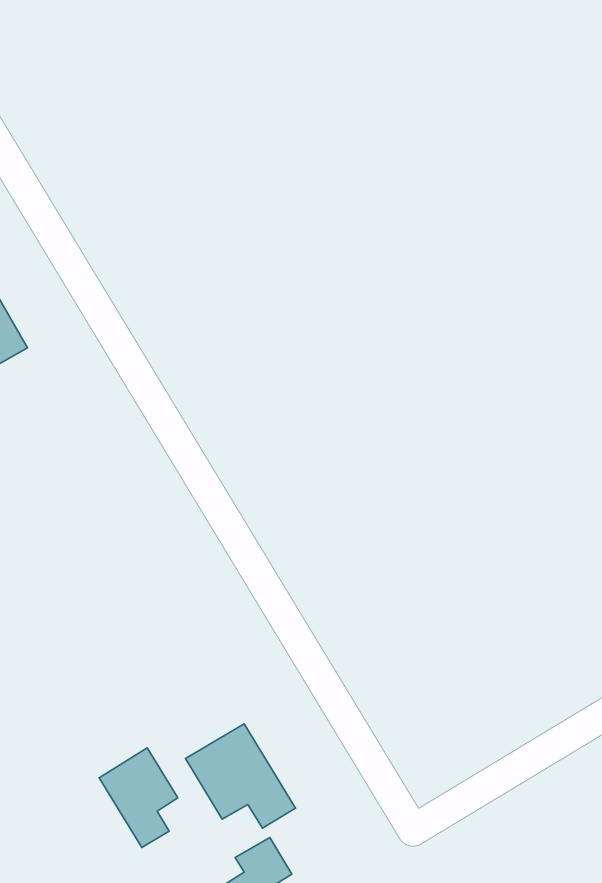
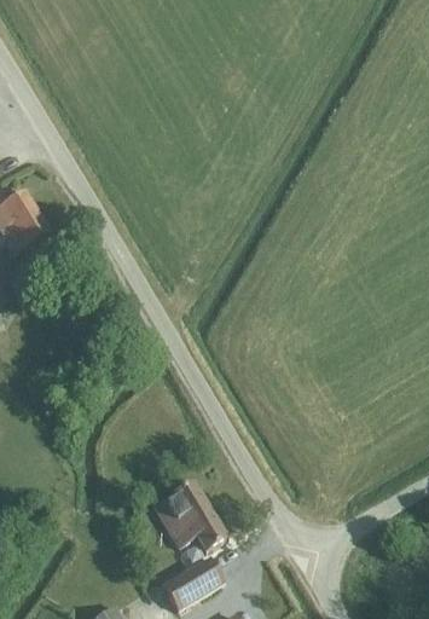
building: [99,748,178,848] -> none

